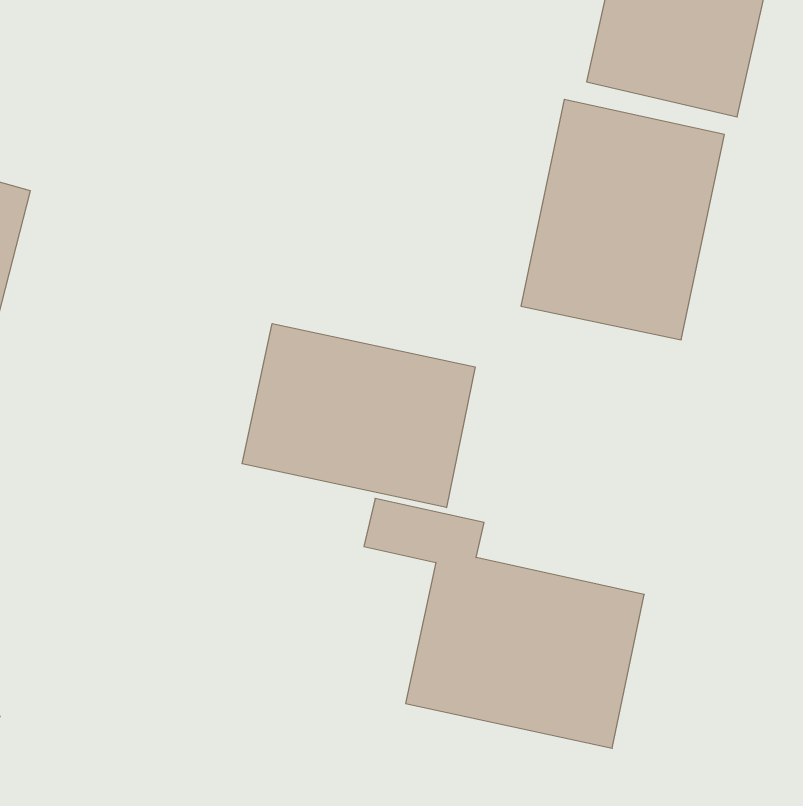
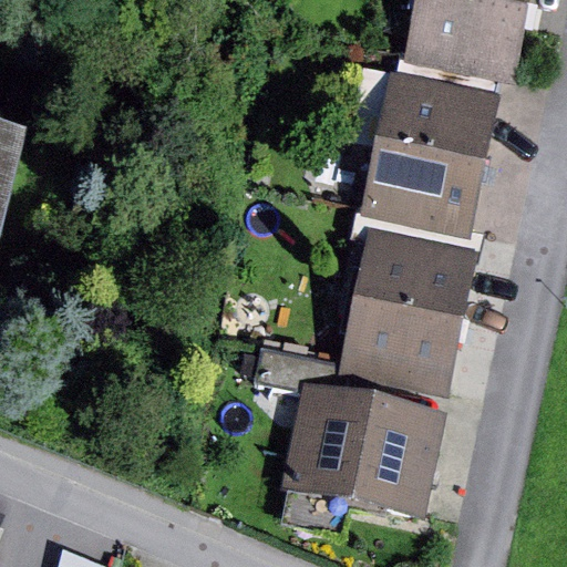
building: [242,324,475,508] -> none
building: none -> [338,226,477,393]

